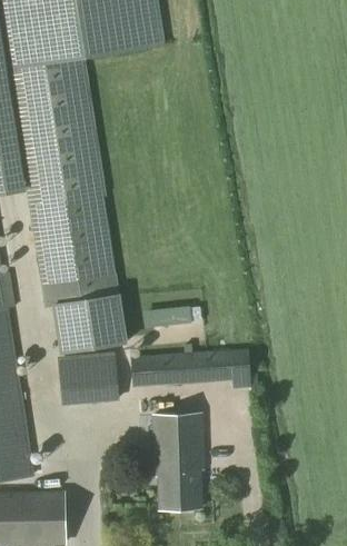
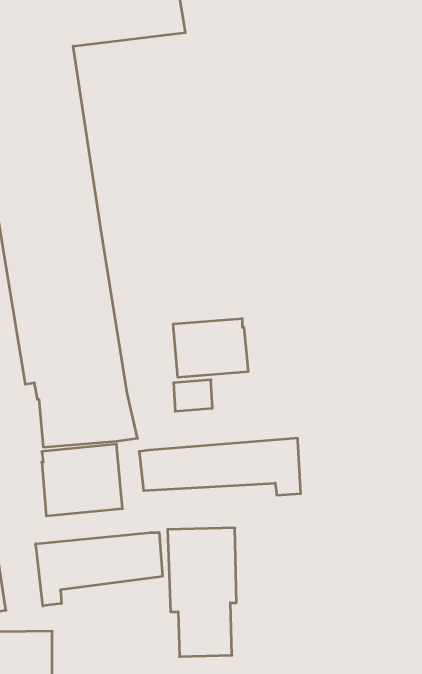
building: none -> [173,318,248,377]
building: none -> [36,532,162,606]

